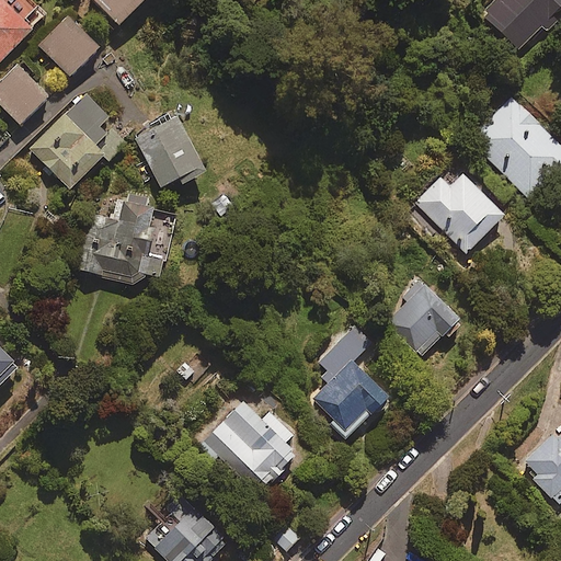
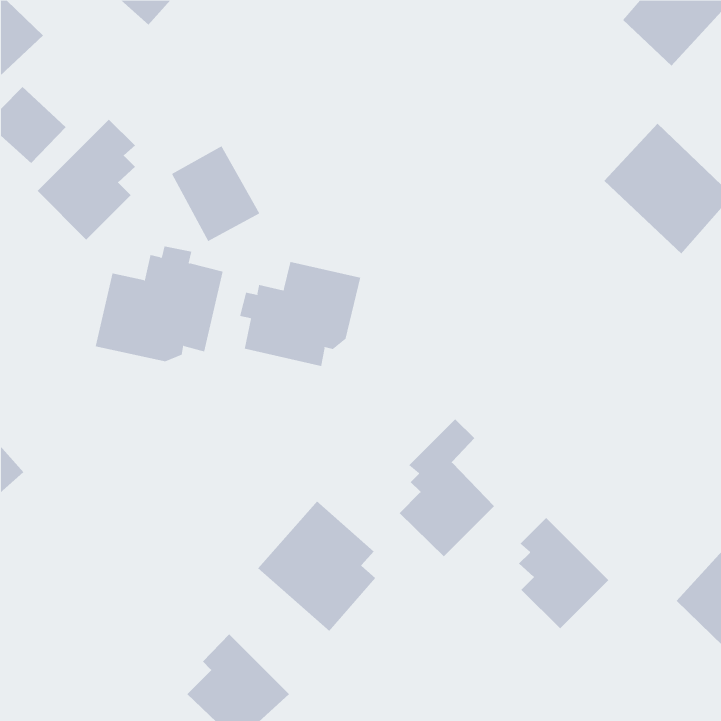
building: [42,19,101,78] -> none
building: [415,171,503,250] -> none
building: none -> [240,261,361,367]
building: [386,277,458,350] -> none
building: none -> [518,517,609,629]

